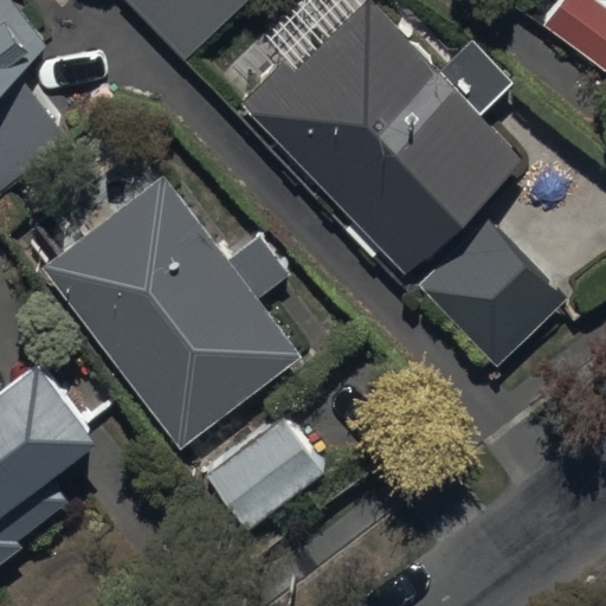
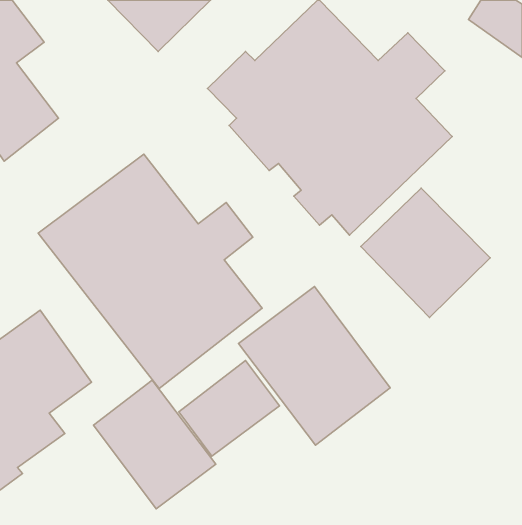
building: none -> [238,287,390,445]
building: none -> [93,380,216,509]

